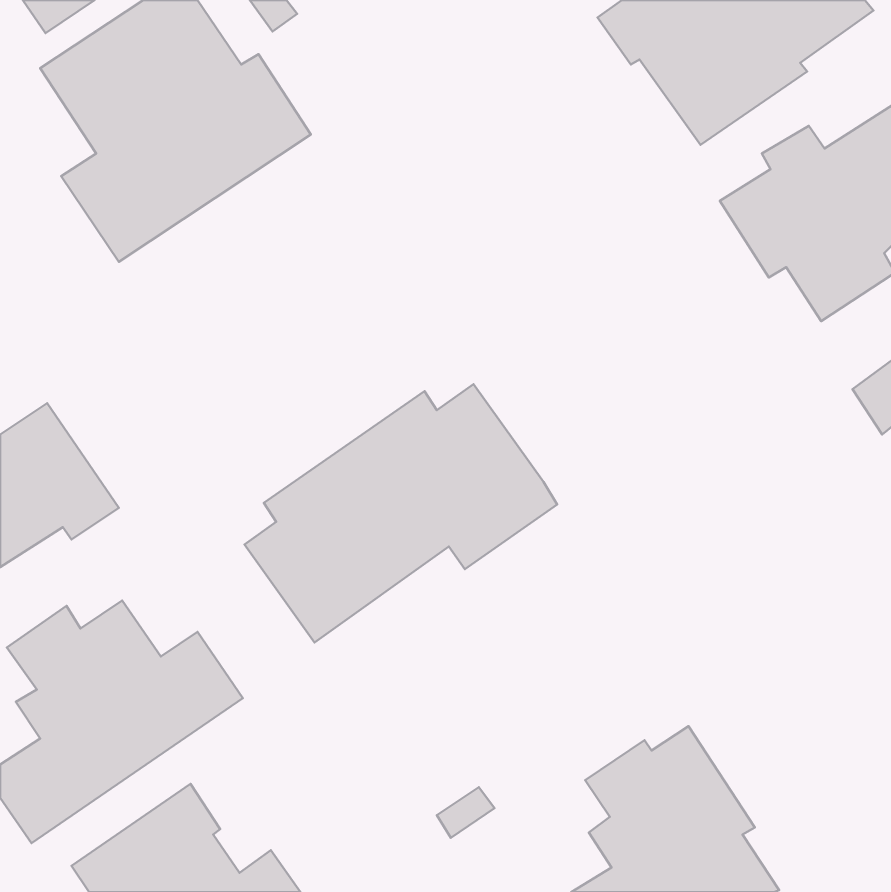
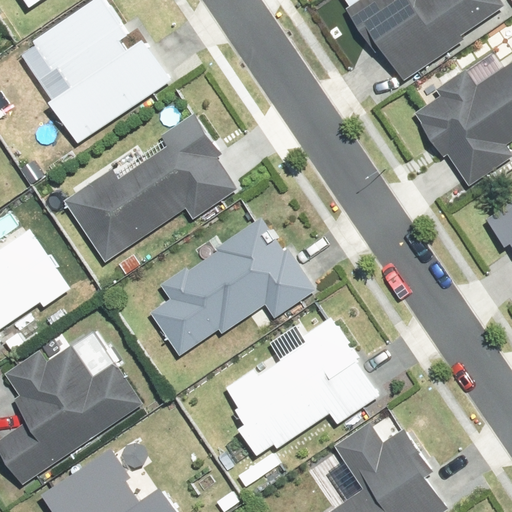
building: none -> [65,115,240,261]
building: none -> [224,316,380,456]

